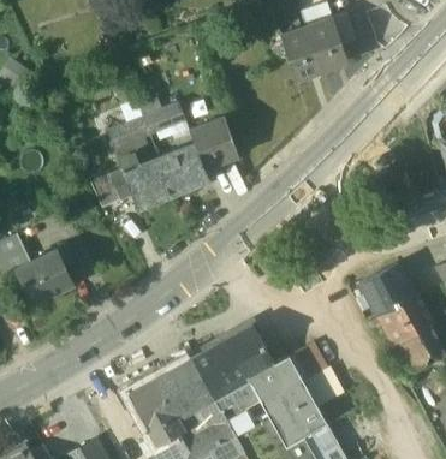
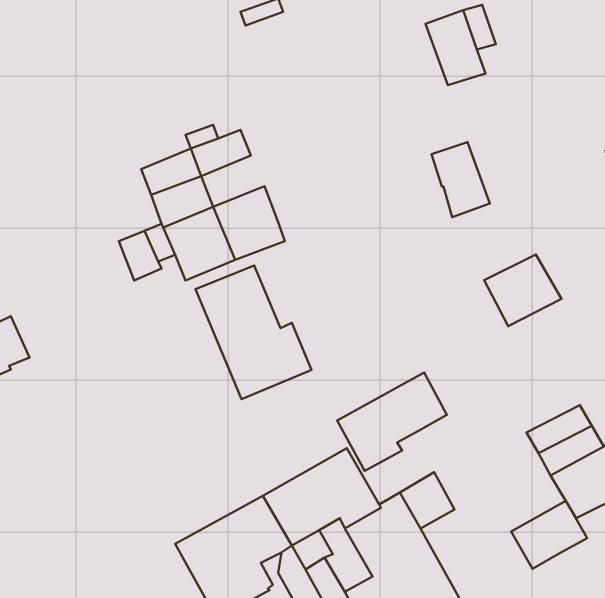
building: [281,26,322,79] -> [432,142,490,217]
building: [188,114,238,166] -> none
building: none -> [195,266,311,399]
building: [14,244,72,305] -> none
building: [361,263,415,314] -> [484,254,561,326]
building: none -> [337,373,447,471]
building: none -> [511,501,587,569]

